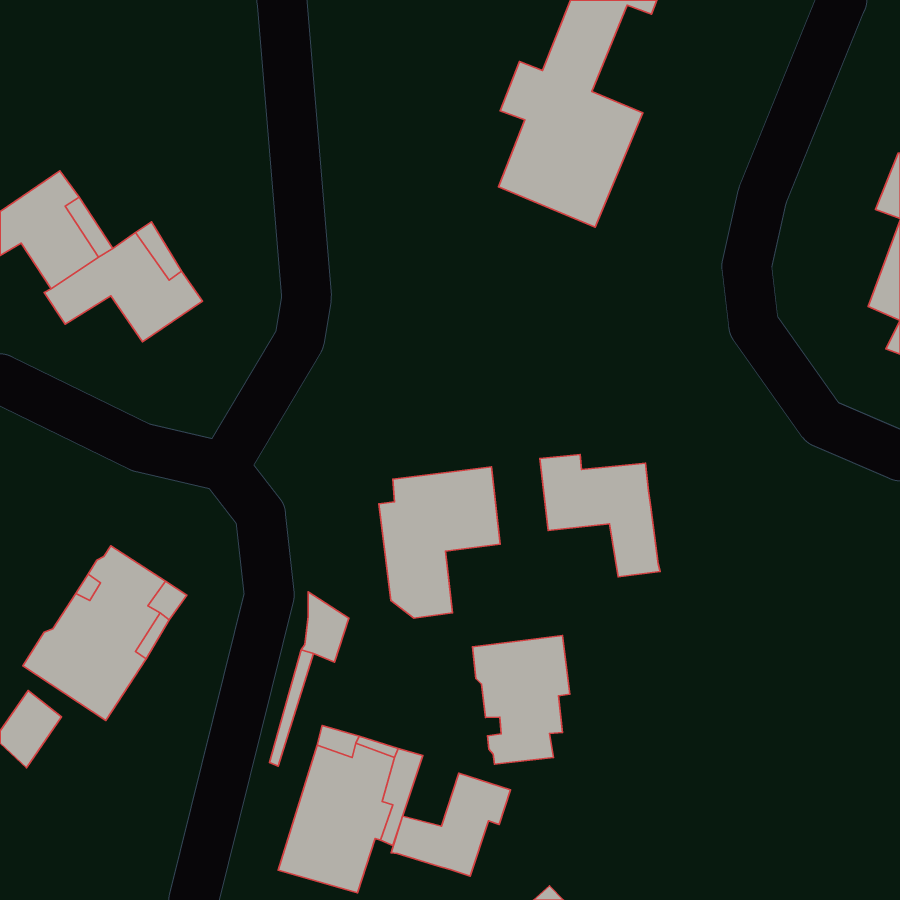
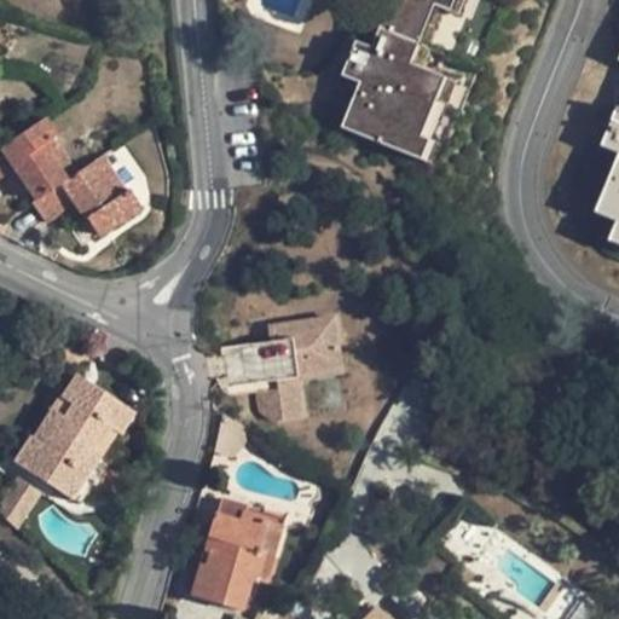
building: [540,455,660,577] -> none
building: none -> [230,346,265,388]
building: [473,636,570,764] -> none
building: [391,773,511,876] -> none

